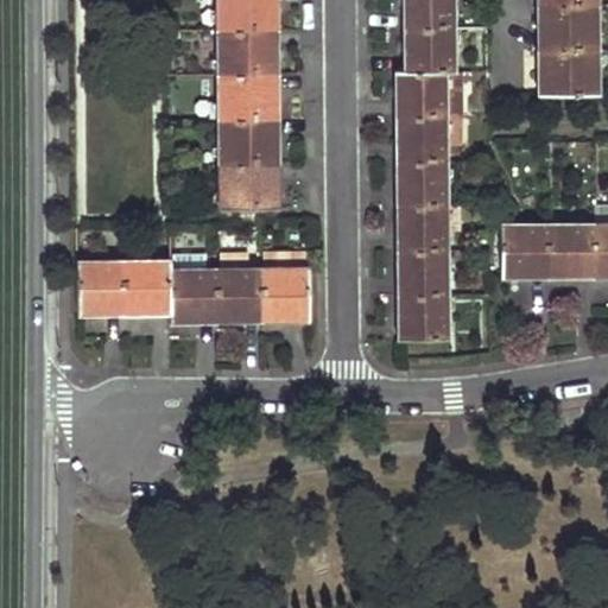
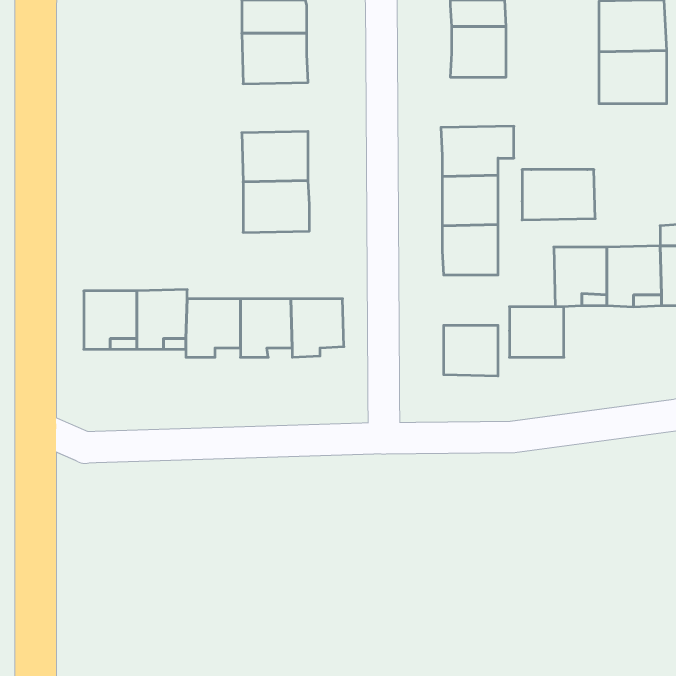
building: [397,71,462,116] -> [522,170,595,220]
building: [218,76,278,121] -> none
building: [399,248,448,293] -> [509,307,564,357]

